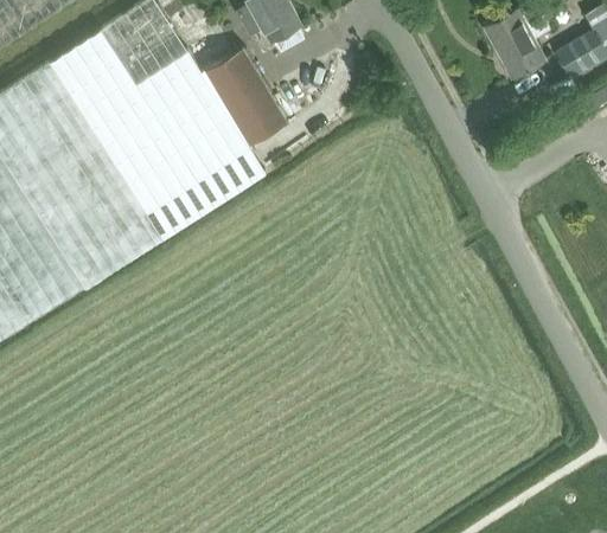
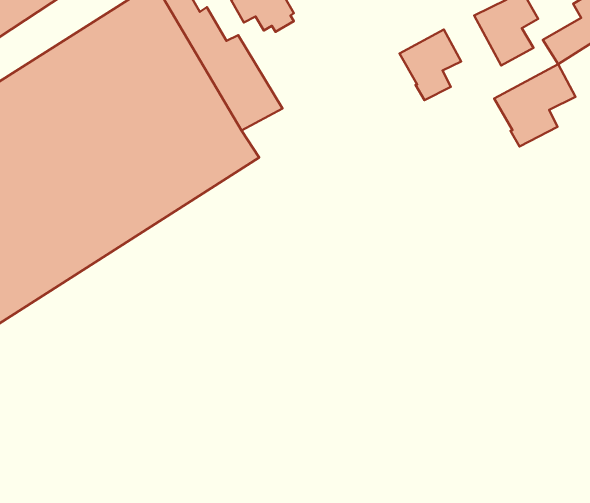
building: none -> [399,30,461,100]
building: none -> [494,64,576,146]

